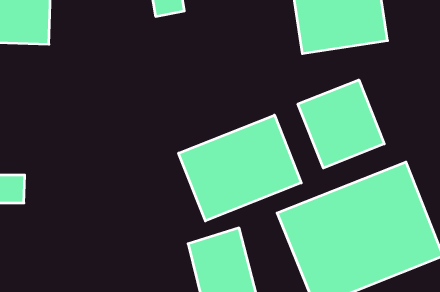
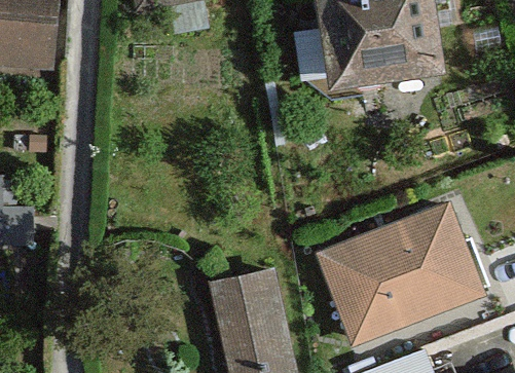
building: [298,80,384,168] -> none
building: [179,115,301,221] -> none

